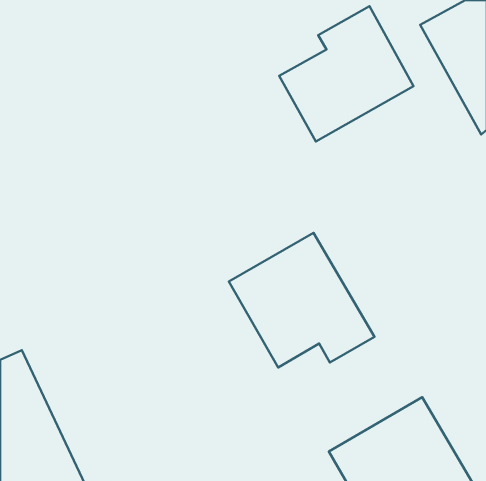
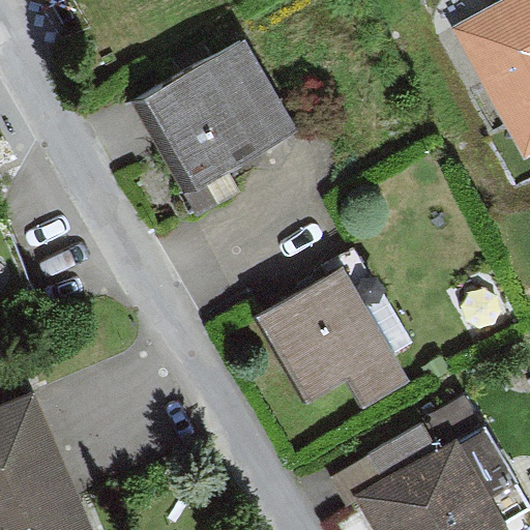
building: [279,6,413,141] -> none
building: none -> [129,37,299,194]

